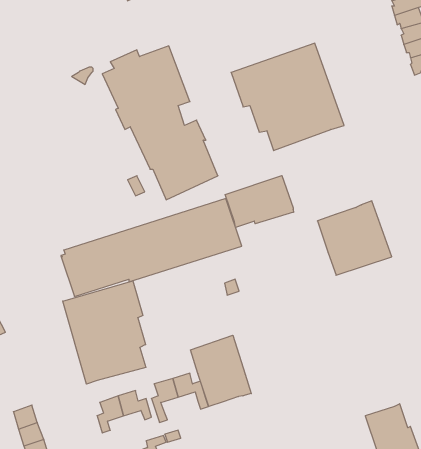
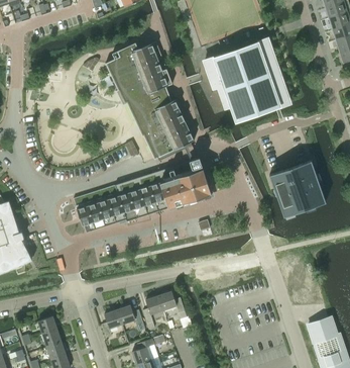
building: [225,176,294,227] -> none
building: [63,281,146,384] -> none
building: [190,335,251,406] -> none

